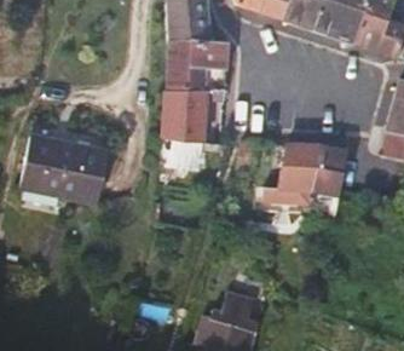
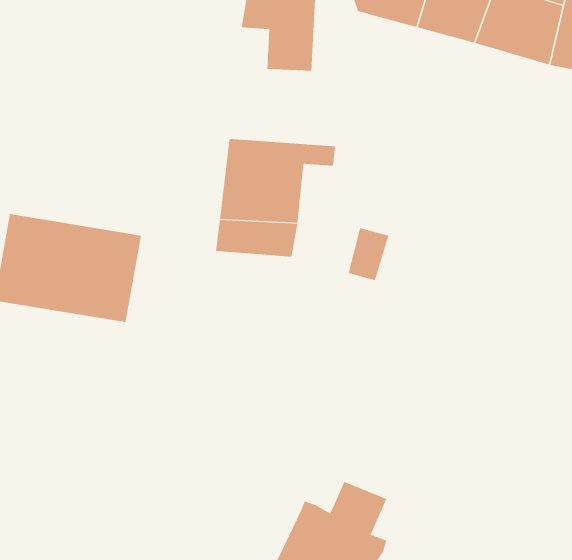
building: [161,19,230,91] -> none
building: [267,144,350,197] -> none

